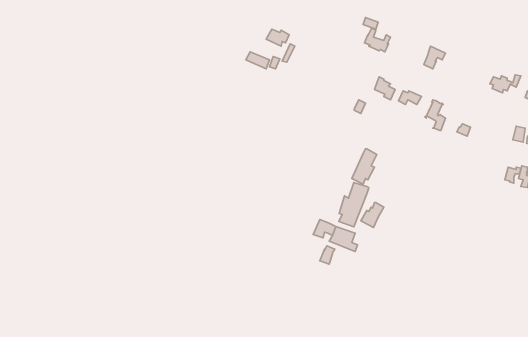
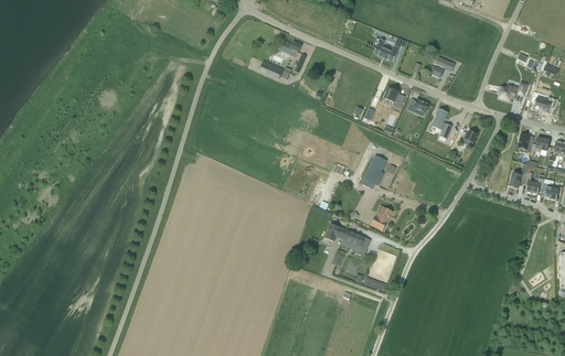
building: [339,183,369,227] -> none

